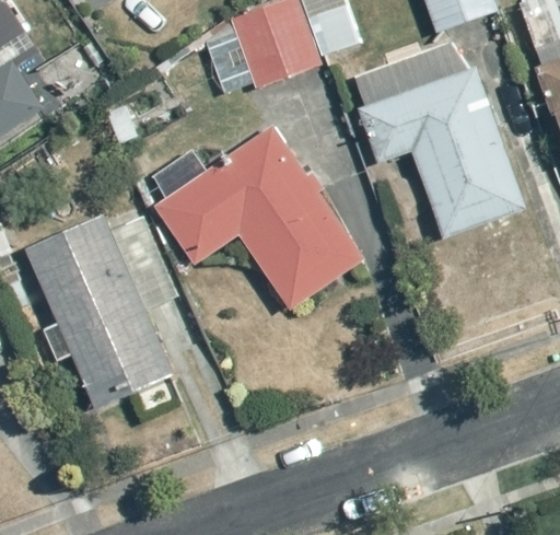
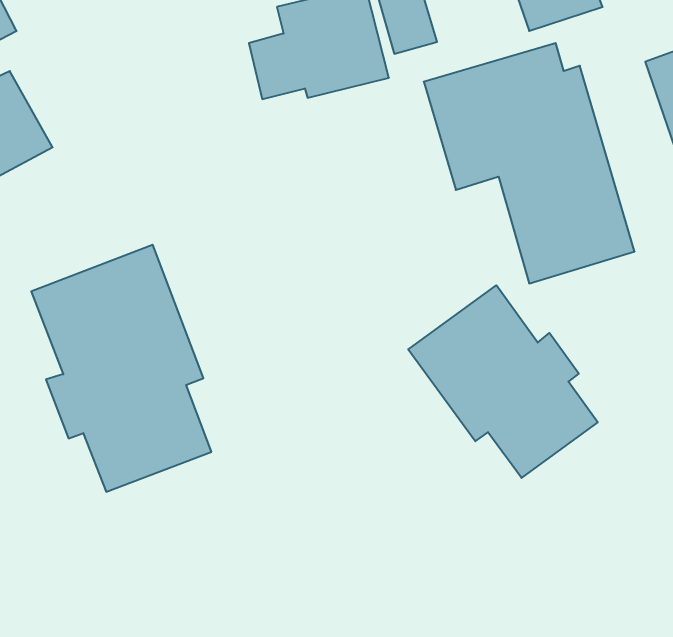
building: [148,115,364,311] -> none
building: none -> [408,285,598,478]

